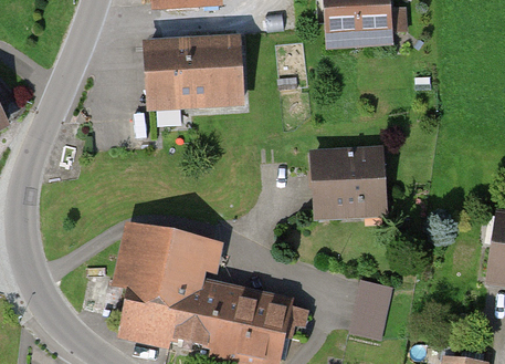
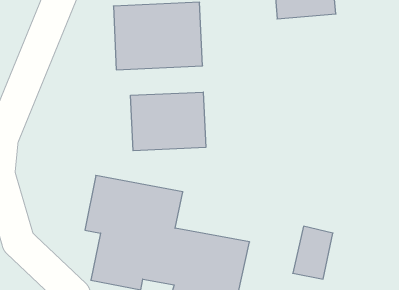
building: none -> [131,92,206,151]
building: [309,146,386,222] -> none

